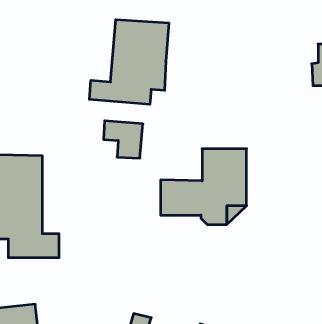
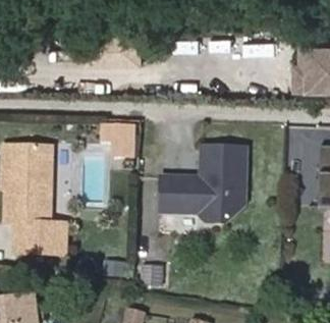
building: [89,20,169,104] -> none

